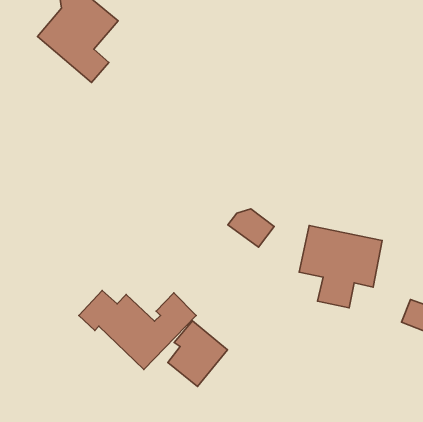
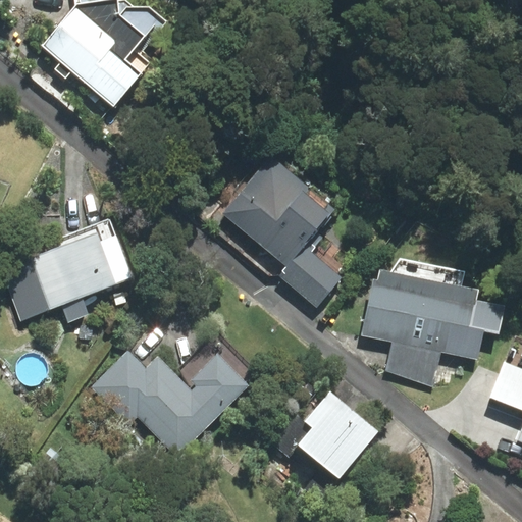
building: none -> [226,162,327,260]
building: none -> [12,237,113,316]
building: [168,321,228,387] -> [298,396,371,476]

